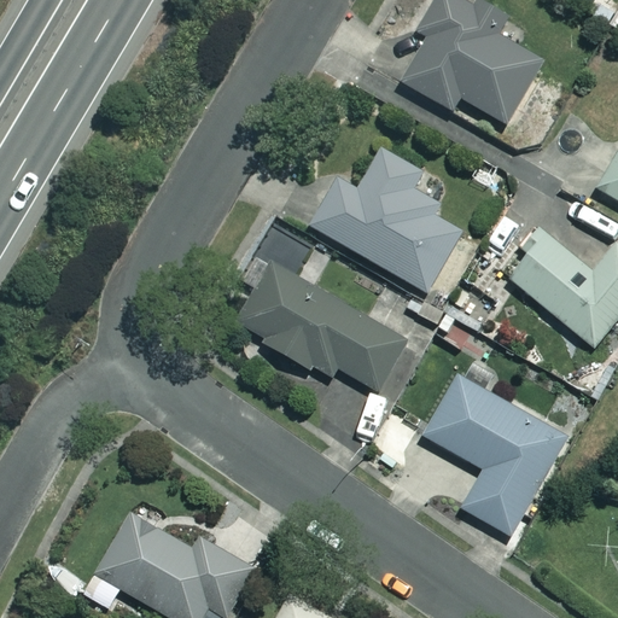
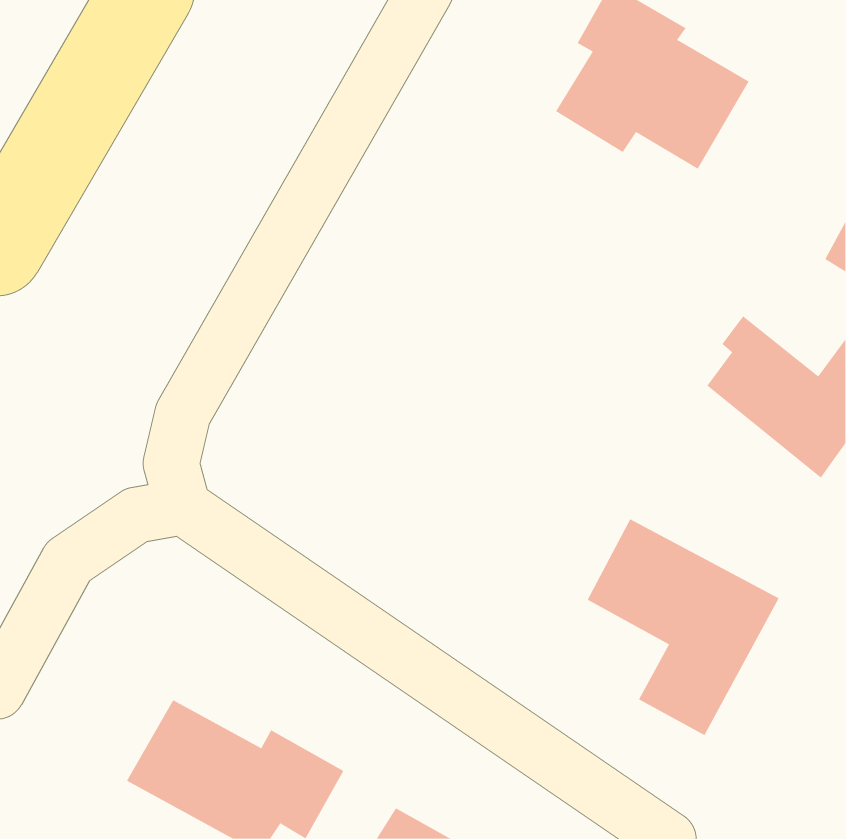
building: [313,150,464,291] -> none
building: [238,253,414,393] -> none

